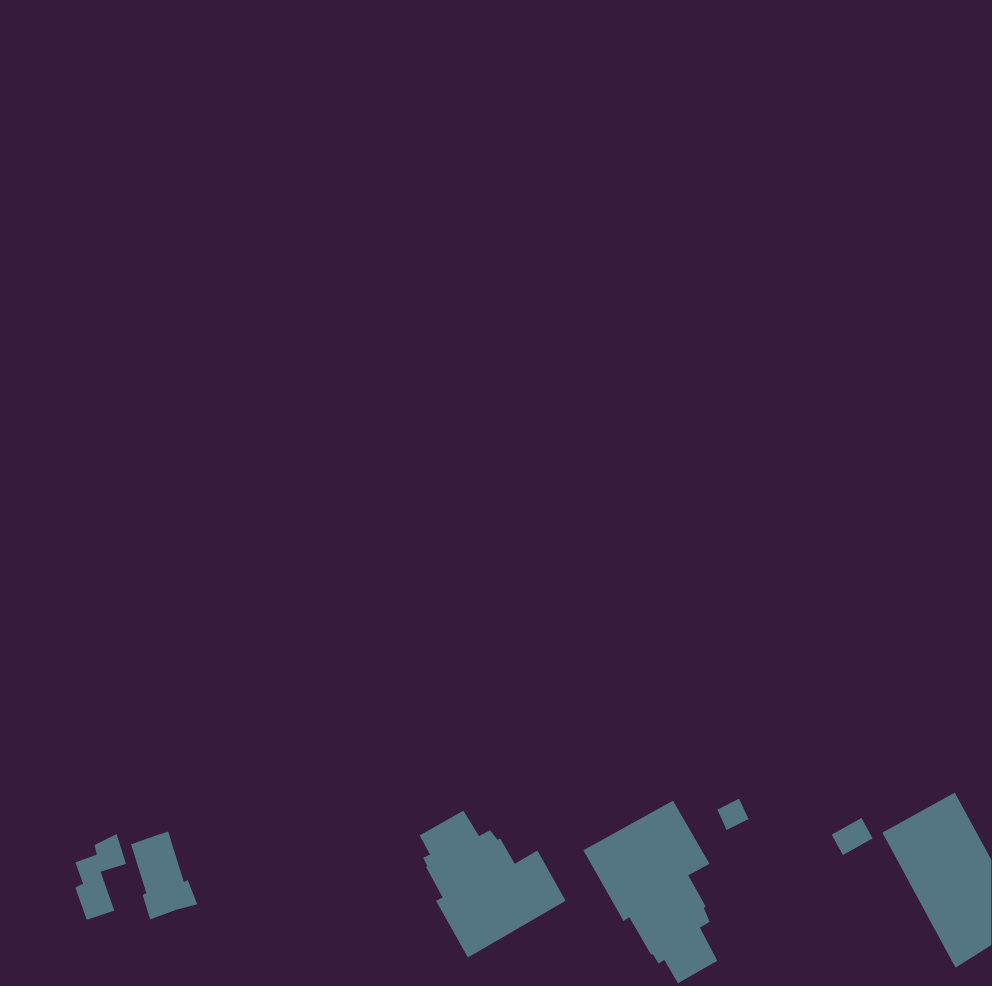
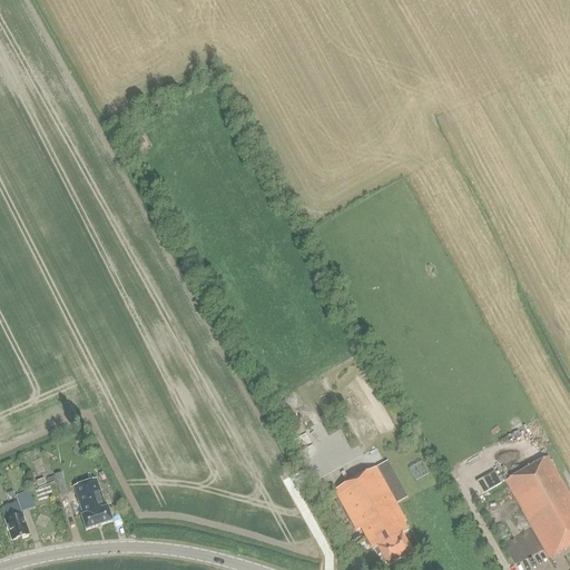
building: [419,810,567,958] -> none
building: [74,833,127,921] -> [6,488,36,538]

